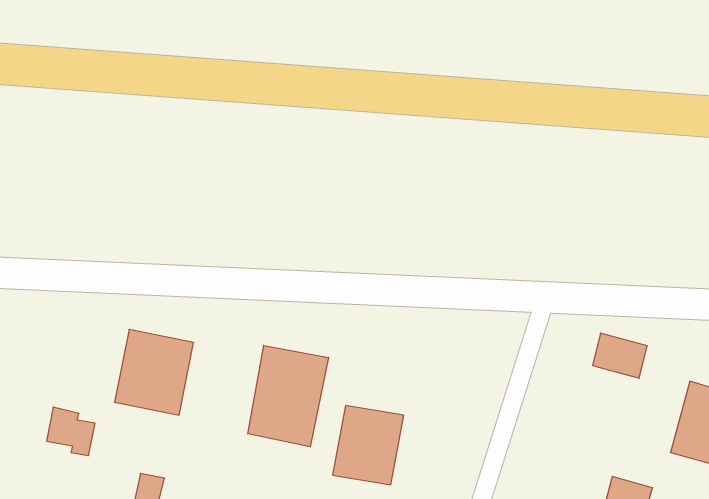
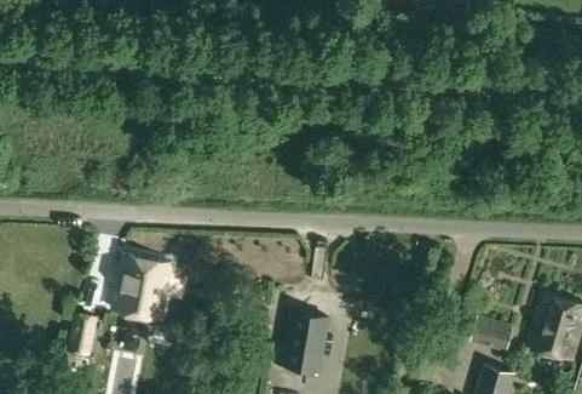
building: [592,333,647,378] -> [471,314,512,348]
building: [248,345,329,447] -> none

